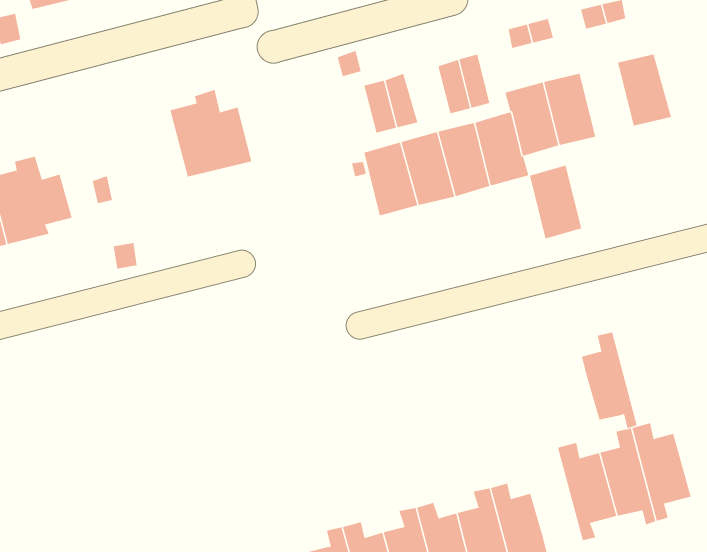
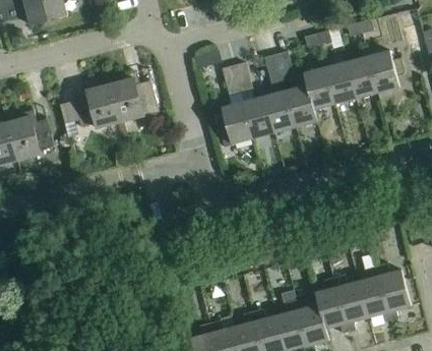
building: none -> [74,81,120,127]
building: [529,165,582,239] -> [347,55,377,98]
building: [581,332,638,429] -> [315,277,348,333]

